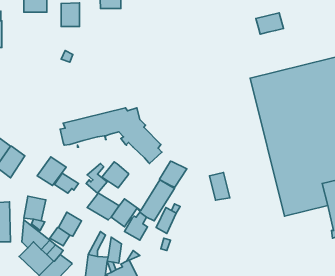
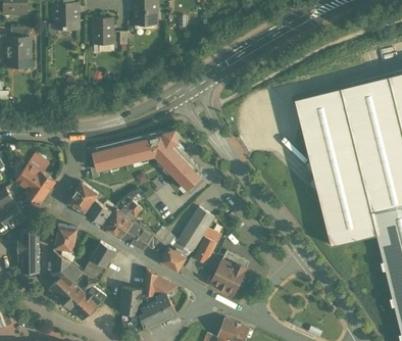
building: [256,13,283,34] -> none
building: [159,161,187,187] -> none
building: [102,162,129,188] -> [104,210,133,238]
building: [210,172,230,200] -> none
building: none -> [211,260,247,295]

